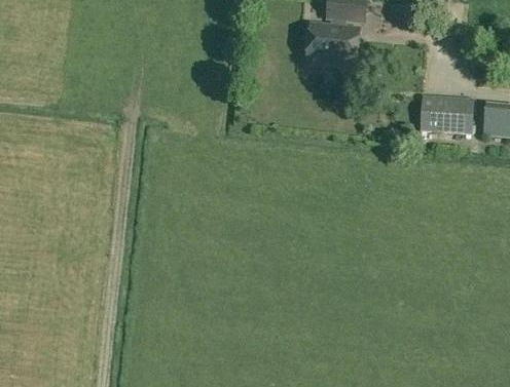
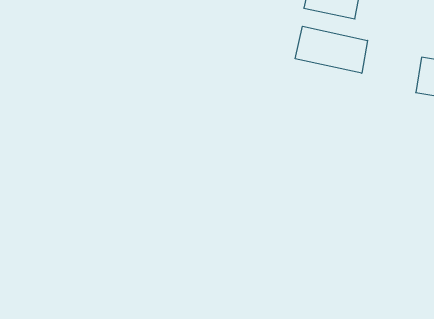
building: none -> [295,26,368,73]

